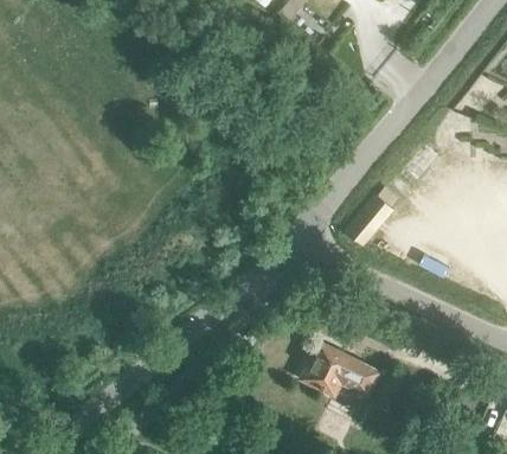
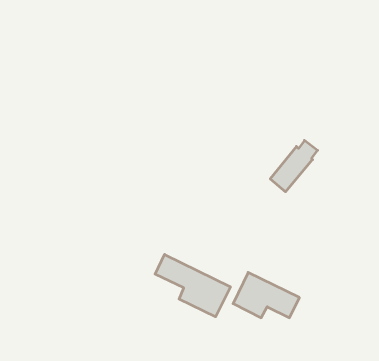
building: none -> [155,254,230,317]

